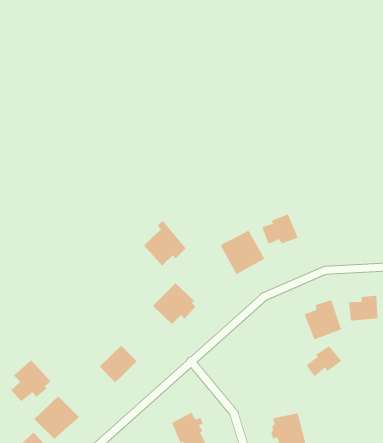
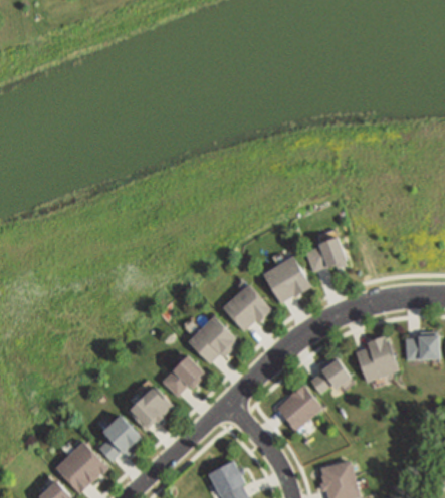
building: [143,220,187,266] -> [222,279,270,330]
building: none -> [162,356,204,397]
building: none -> [277,385,322,431]
building: [306,346,342,377] -> [310,358,351,394]
building: [10,359,51,402] -> [100,417,146,464]

